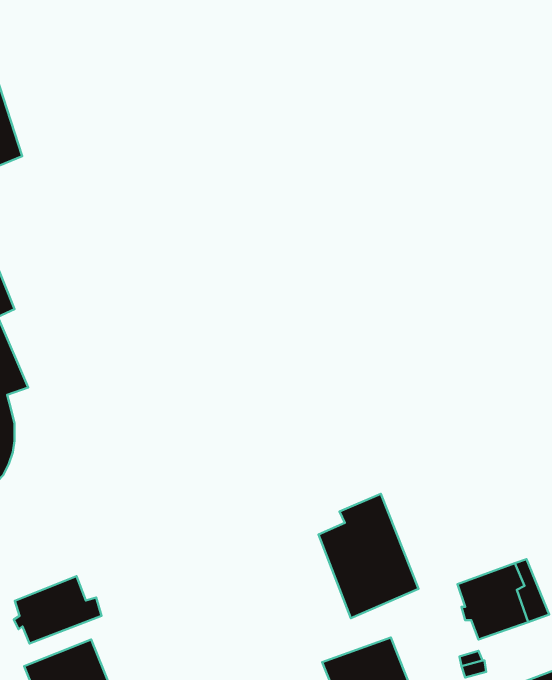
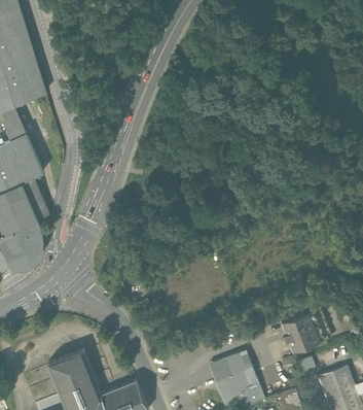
building: [319,494,419,618] -> none
building: [14,576,101,644] -> none

